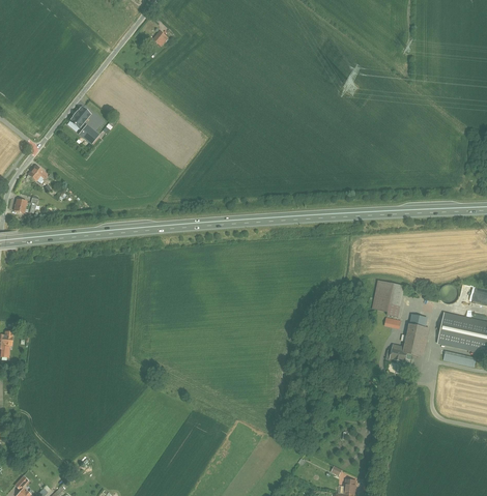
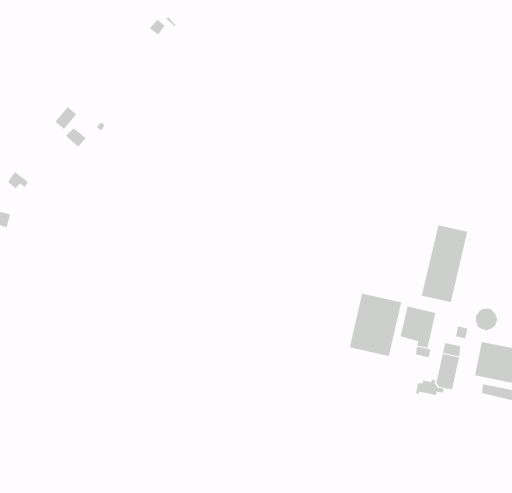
building: none -> [421,225,468,303]
building: none -> [349,293,402,357]

